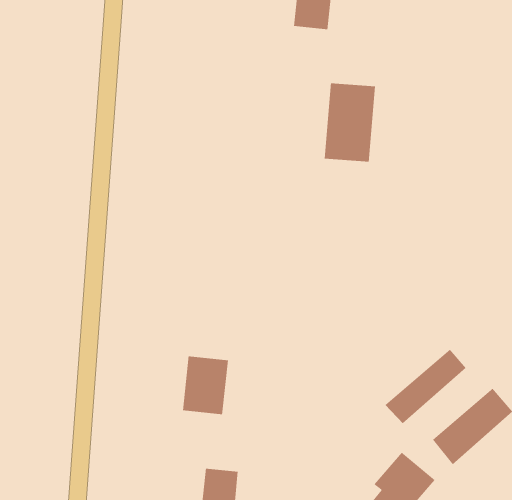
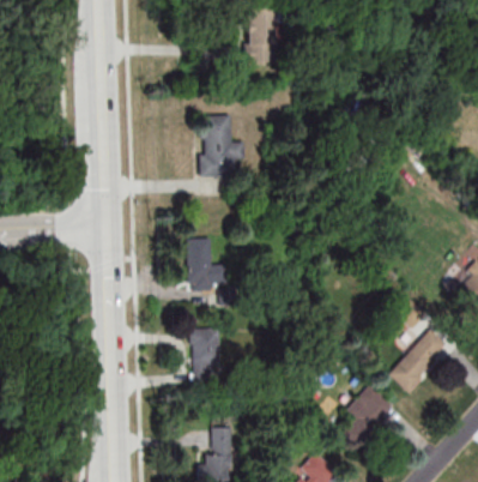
building: [324,83,376,162] -> [199,115,236,176]
building: none -> [188,239,211,288]
building: [384,349,467,424] -> none

